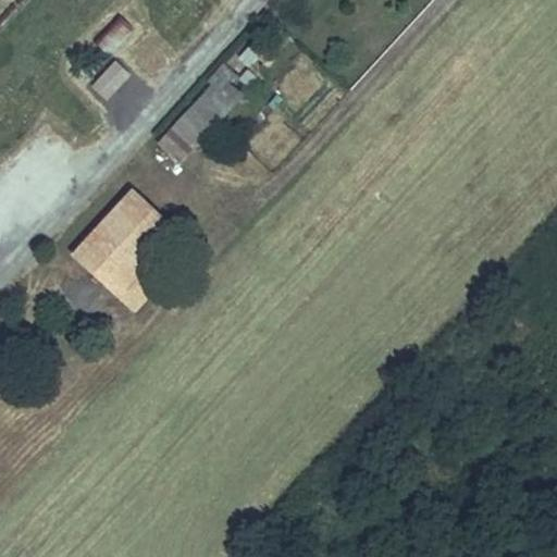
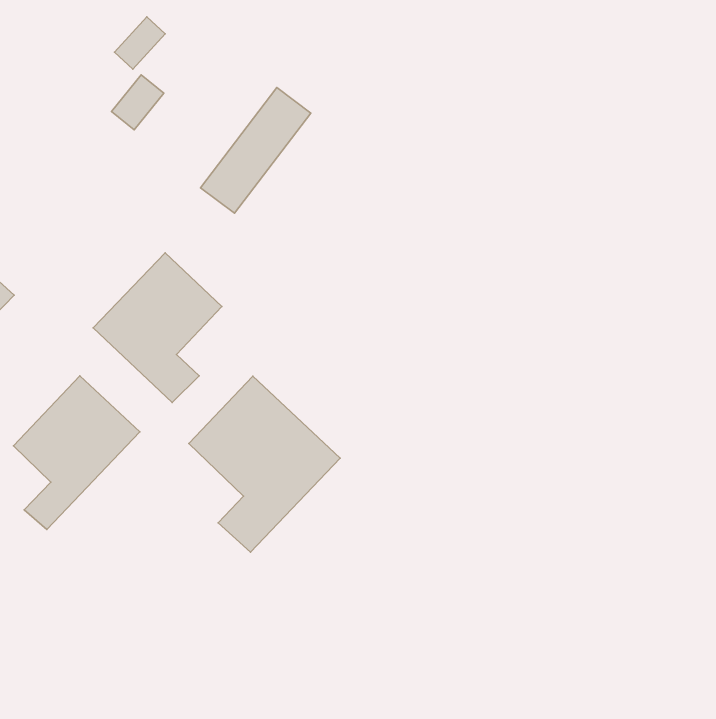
building: none -> [13,376,140,529]
building: none -> [189,376,340,552]

